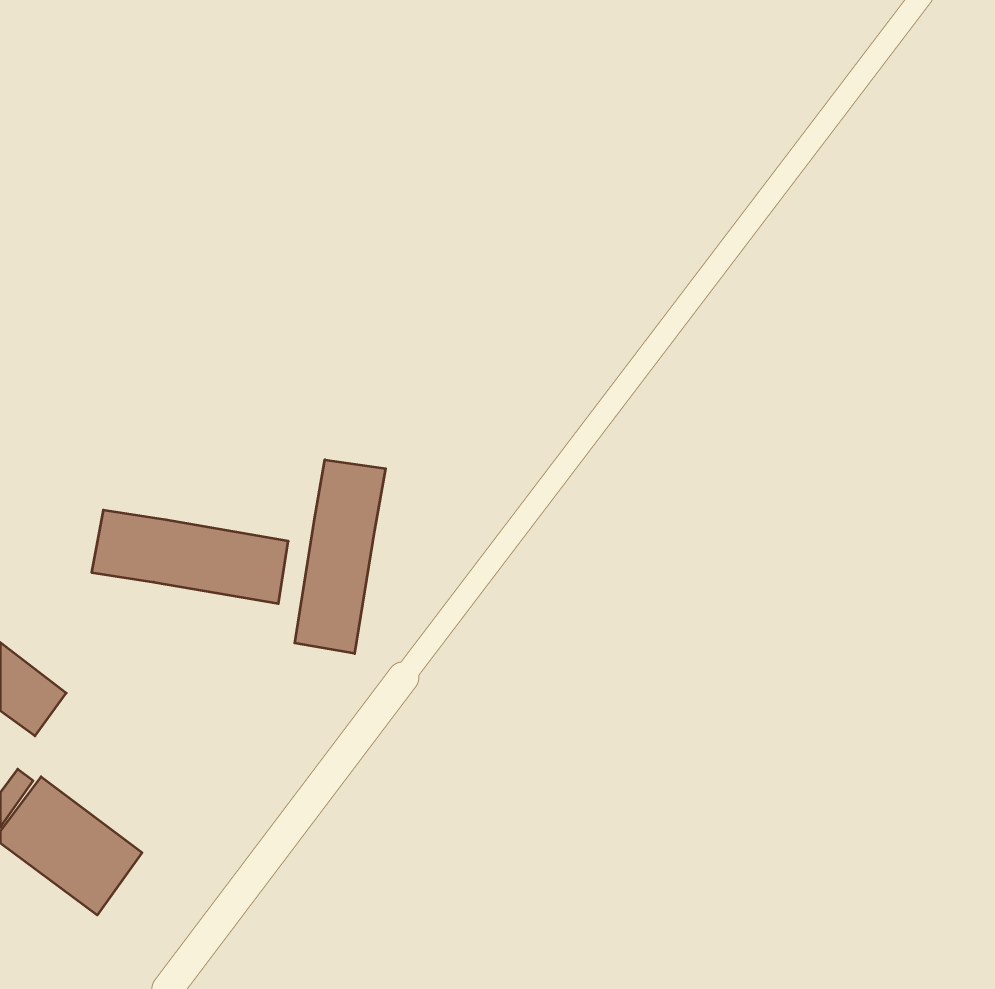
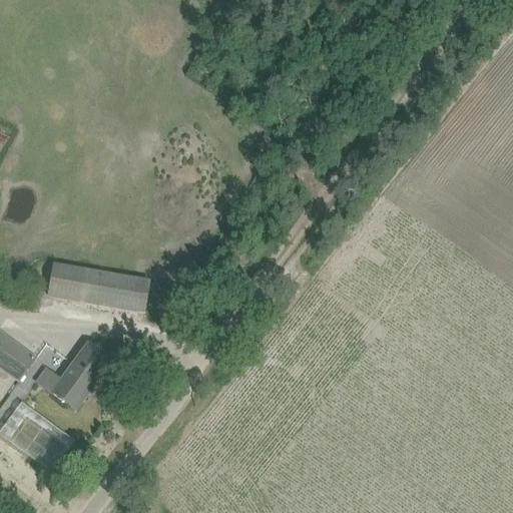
building: [295,460,386,654] -> none
building: none -> [36,342,112,409]

